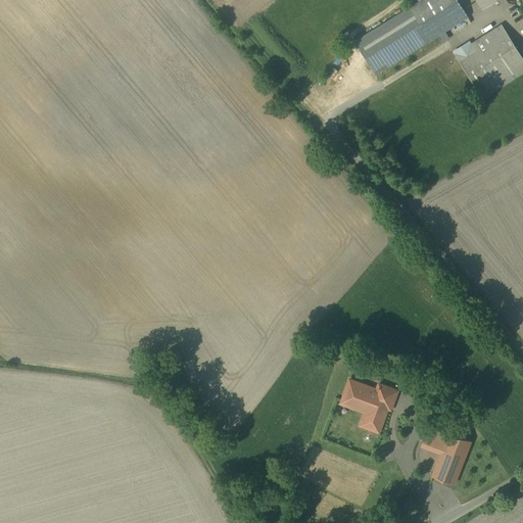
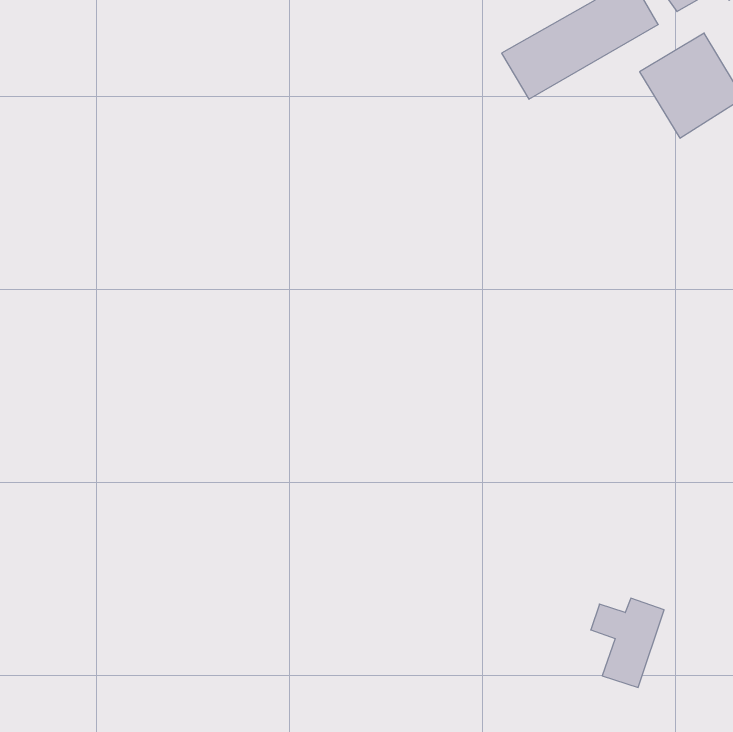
building: [341,380,398,432] -> none

